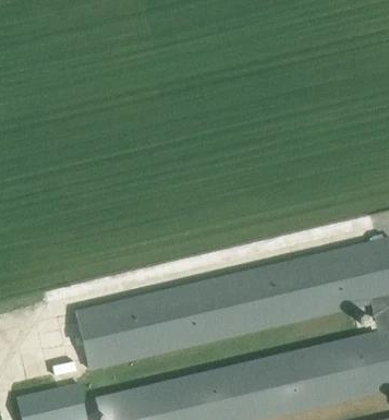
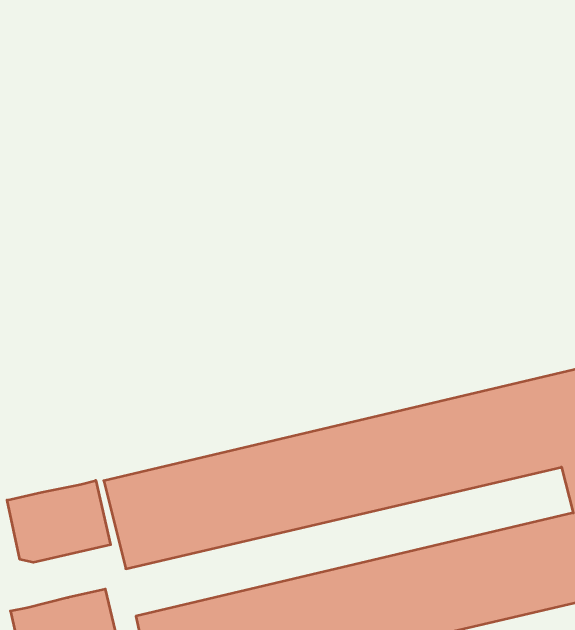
building: none -> [7,480,111,562]

